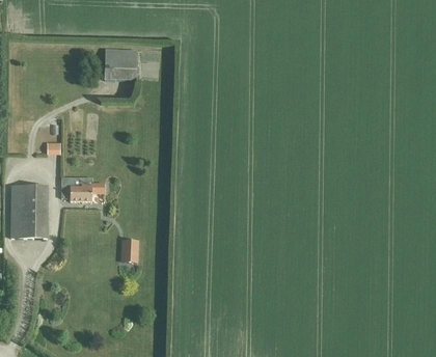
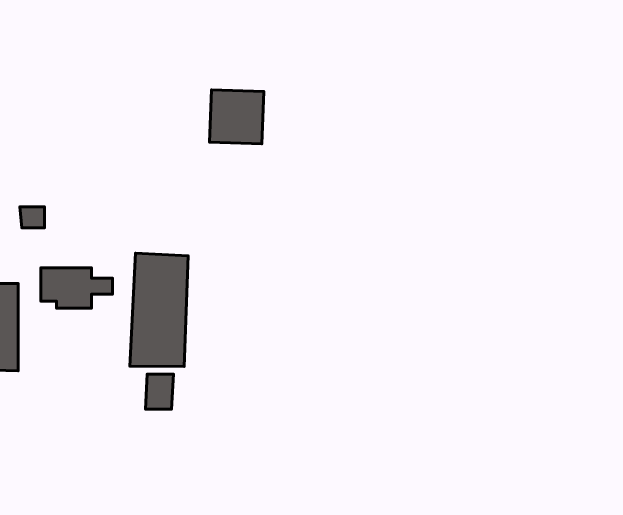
building: [104,49,136,81] -> [210,90,264,144]
building: none -> [130,253,188,367]

